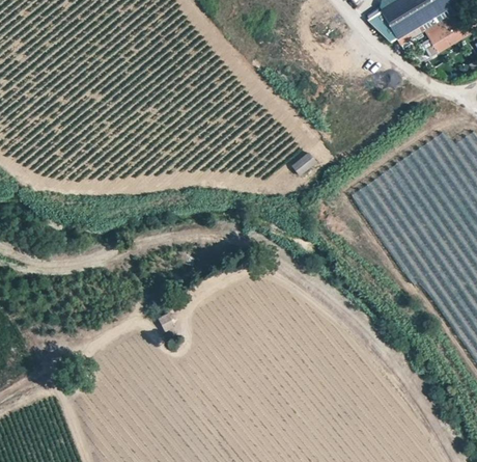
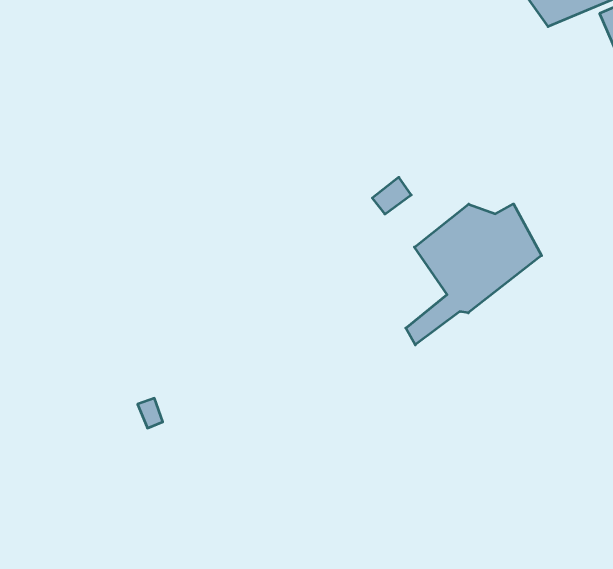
building: none -> [406,204,542,345]

